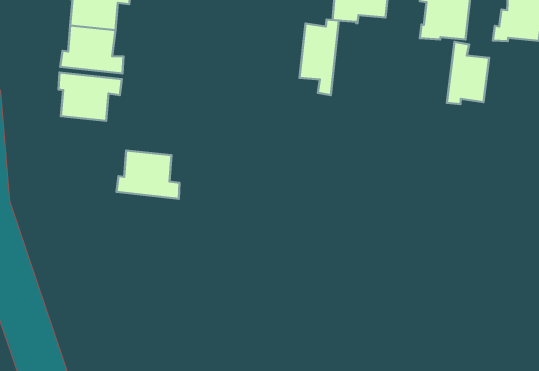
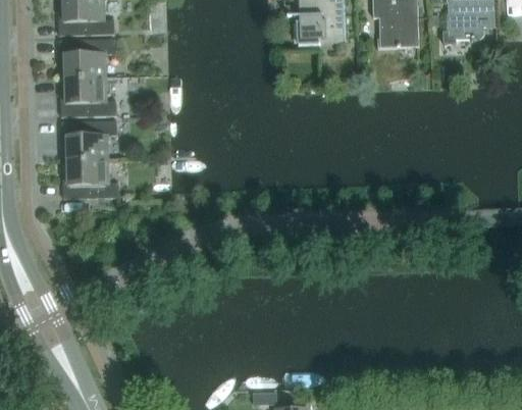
building: [300,20,339,95] -> none
building: [447,42,489,104] -> none
building: [116,151,180,199] -> [63,160,119,199]

